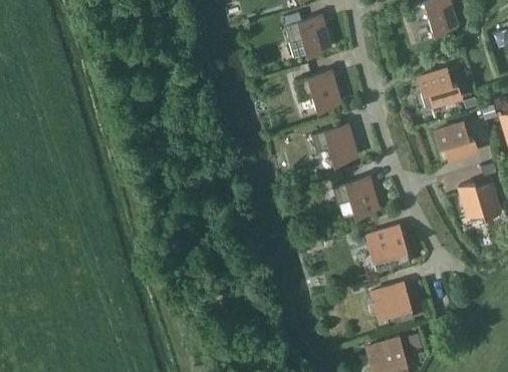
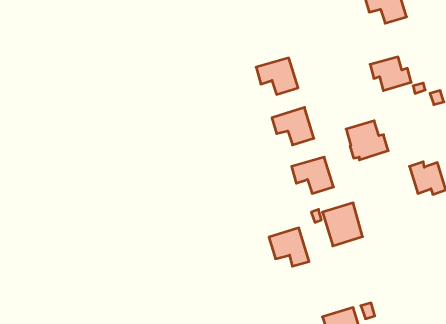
building: [285,15,330,58] -> none
building: [434,121,479,163] -> [346,121,388,160]
building: [371,284,415,325] -> [269,228,309,266]

